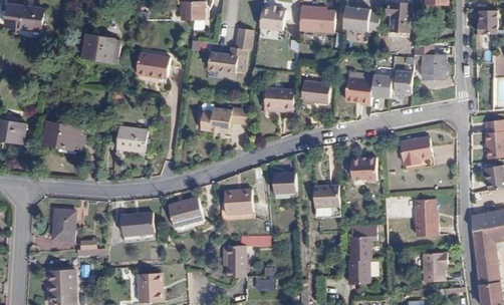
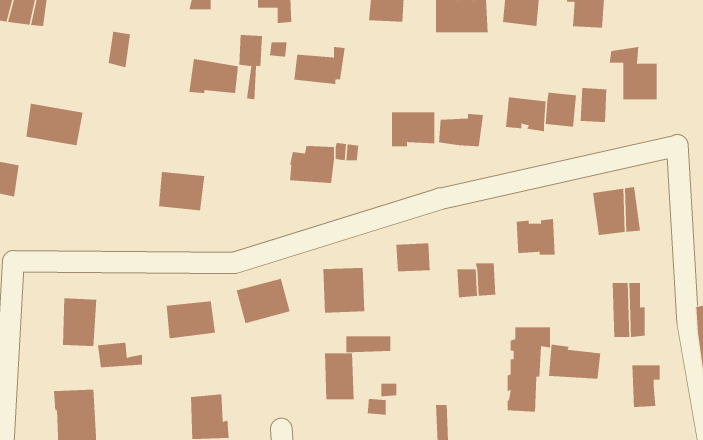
building: [232,24,248,67] -> [238,34,263,100]
building: [94,36,121,63] -> none
building: [43,121,81,149] -> [26,103,83,146]
building: none -> [548,344,601,379]

